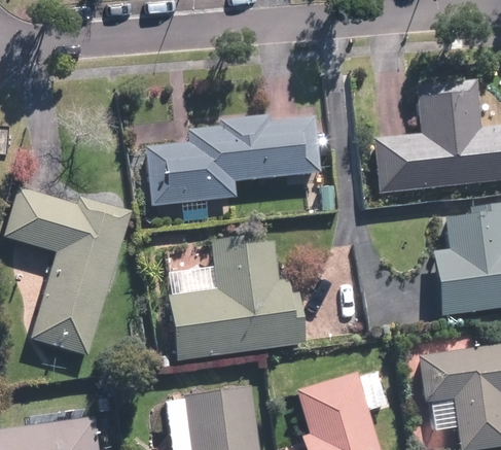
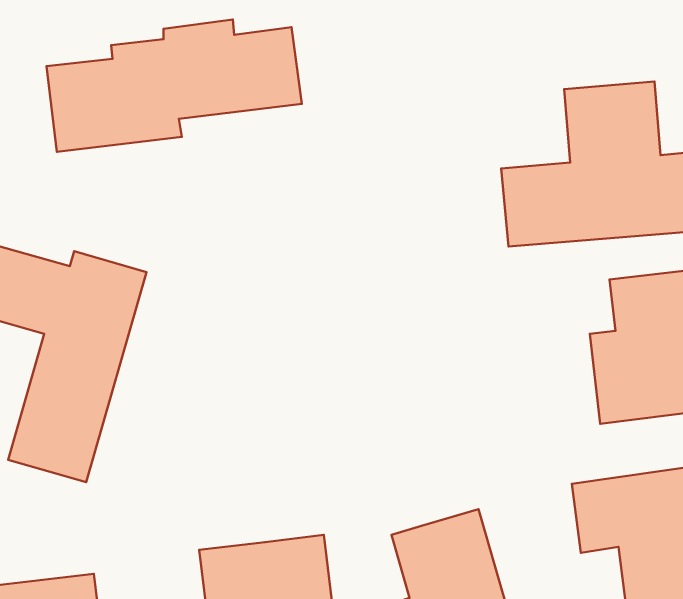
building: [143,114,318,205] -> [46,20,302,152]
building: [168,241,306,360] -> none

